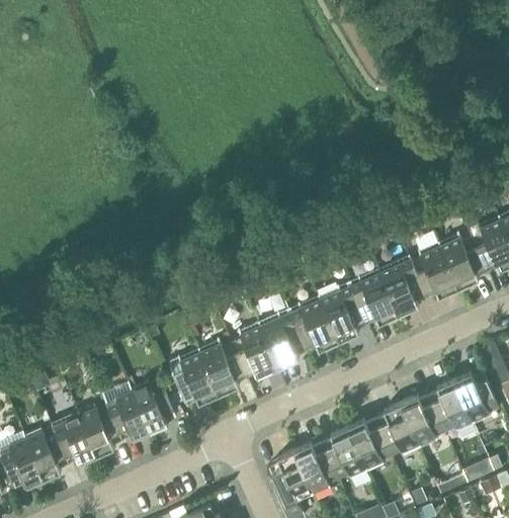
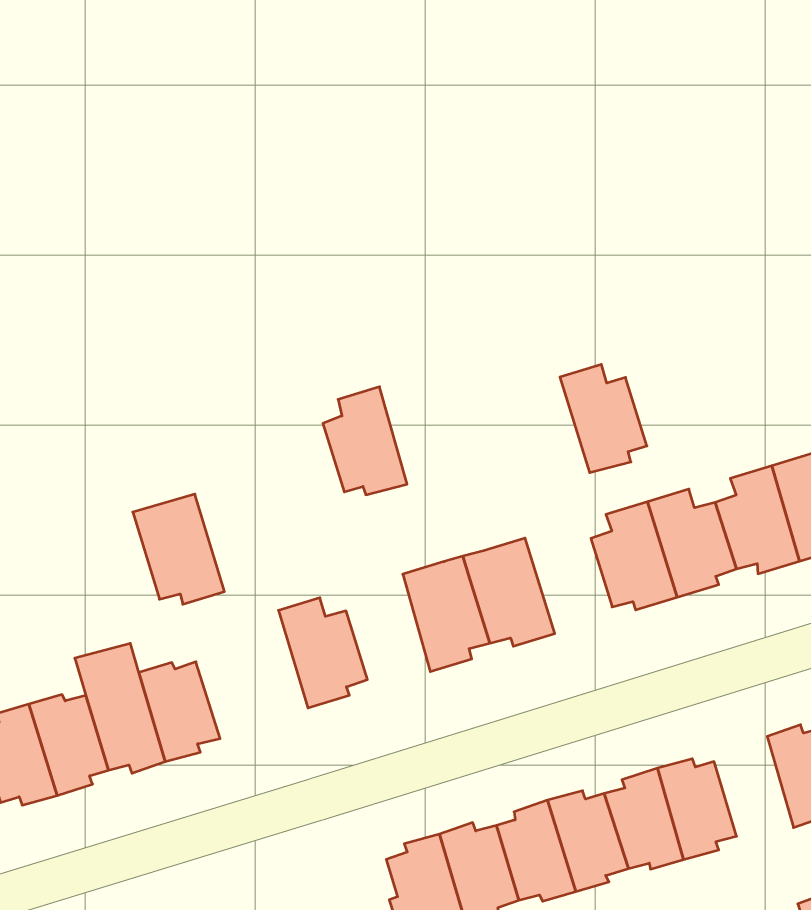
building: [319,285,367,341] -> [560,364,647,473]
building: [233,321,279,376] -> [323,387,407,495]
building: [168,347,220,404] -> [133,494,224,604]
building: [429,379,474,432] -> none

